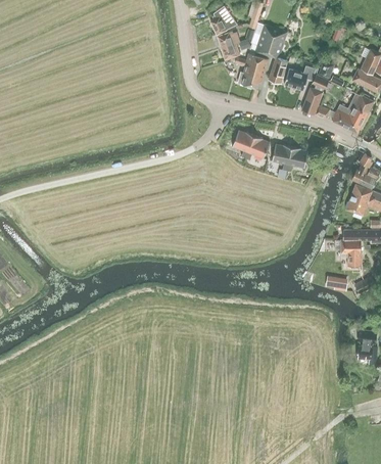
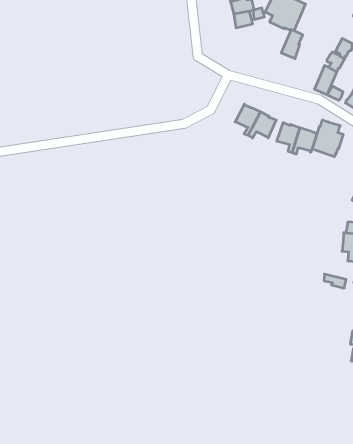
building: [235,52,269,88] -> none
building: [284,65,316,90] -> none
building: none -> [312,120,343,157]

